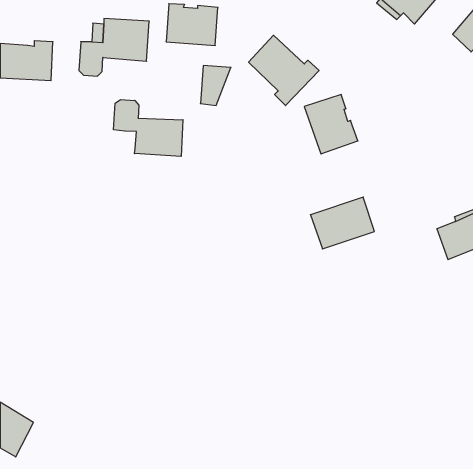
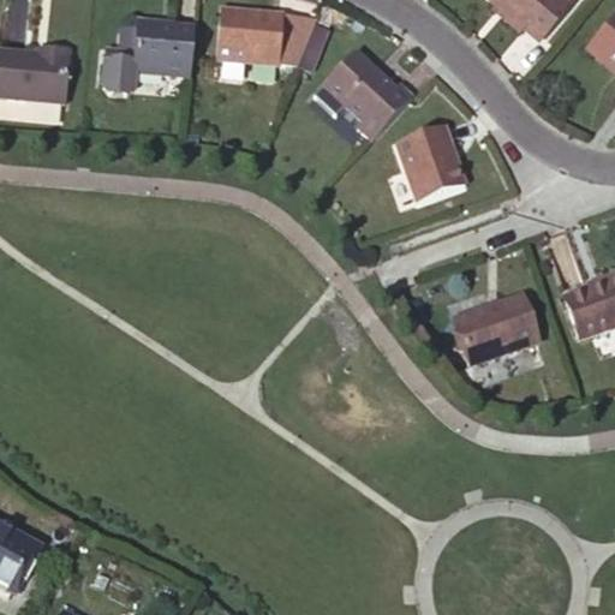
building: [200,66,231,105] -> [280,10,320,61]
building: [114,100,183,156] -> none
building: [310,197,374,249] -> [458,294,541,362]

